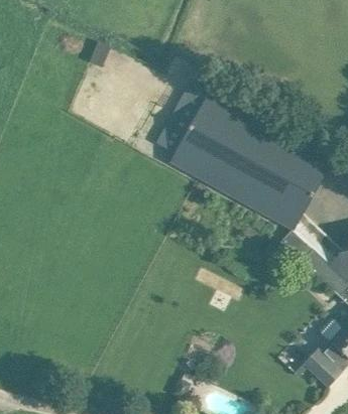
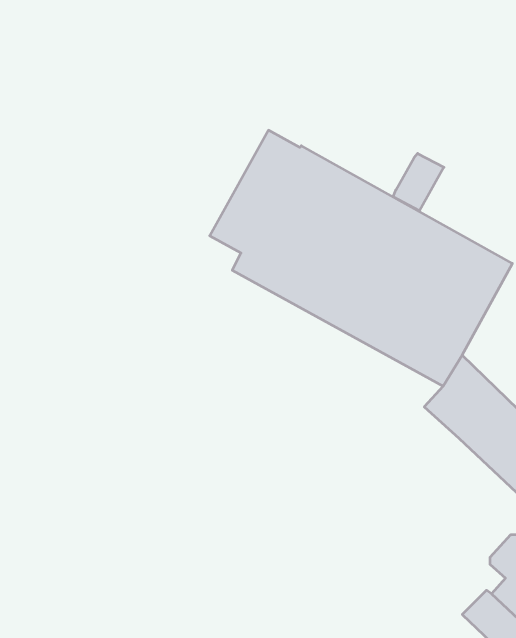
building: none -> [393,153,444,211]

